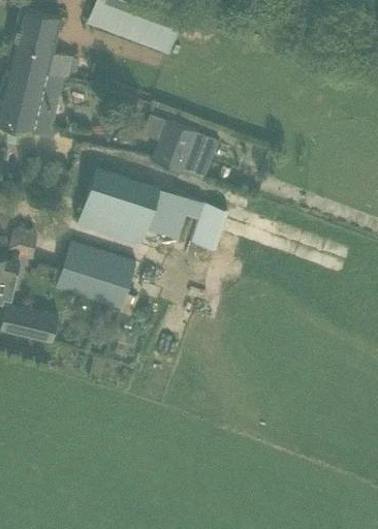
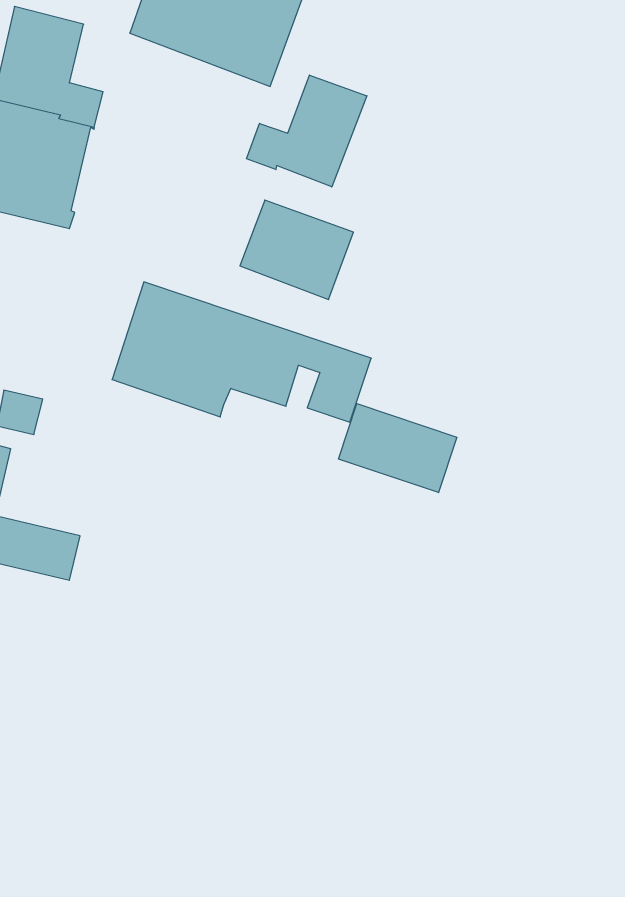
building: none -> [247,75,367,187]
building: none -> [339,404,457,493]
building: [57,242,136,308] -> none

